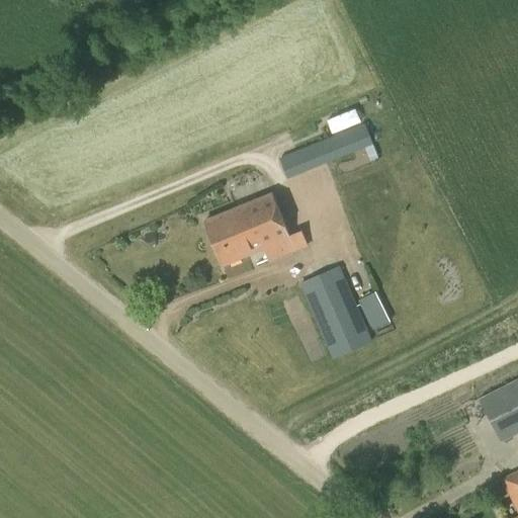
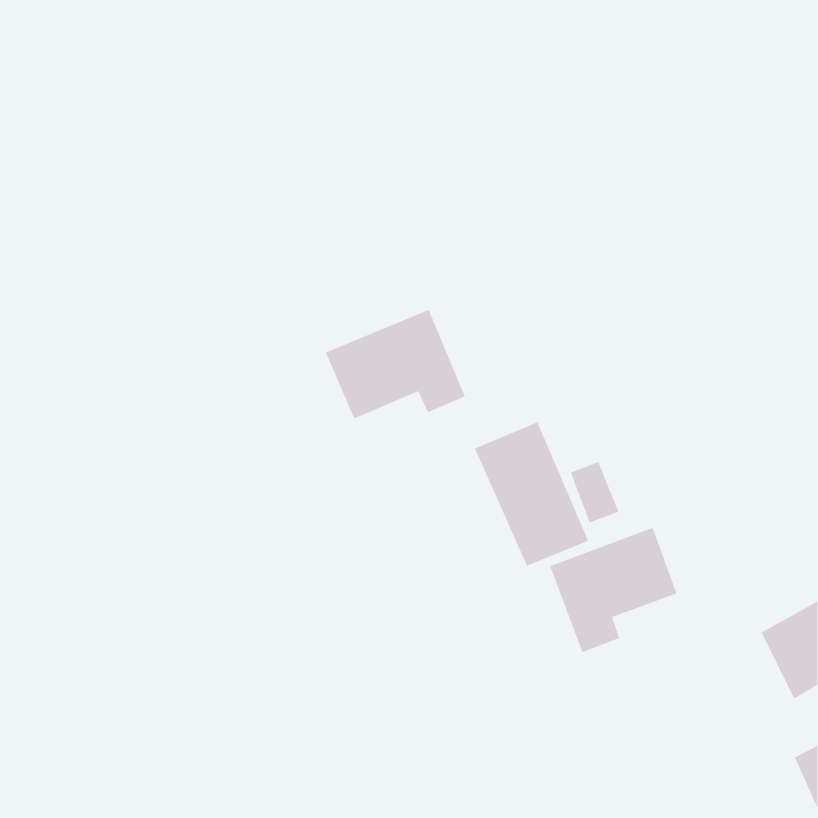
building: [280,123,373,178] -> none
building: none -> [549,527,677,653]

